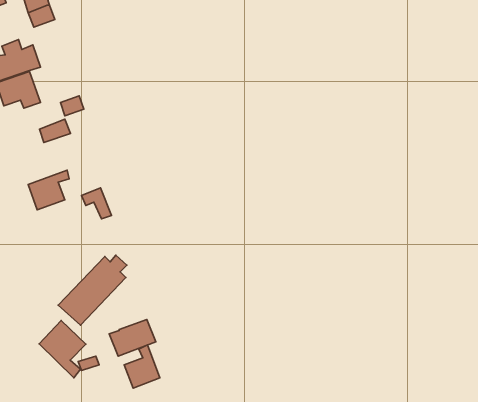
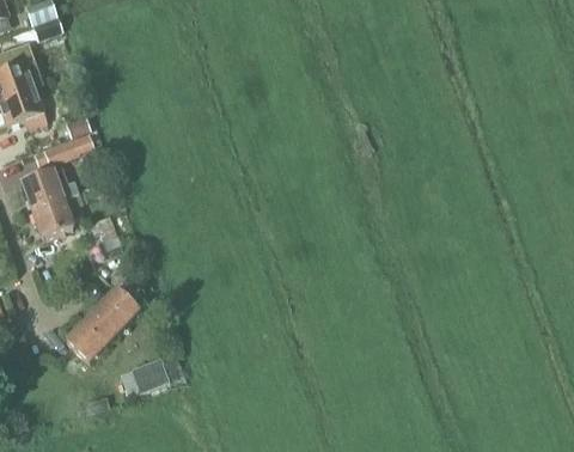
building: none -> [22,169,79,210]
building: [39,320,86,378] -> none
building: [124,345,160,388] -> none

